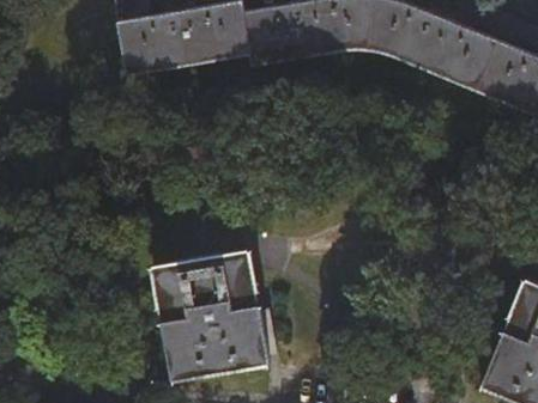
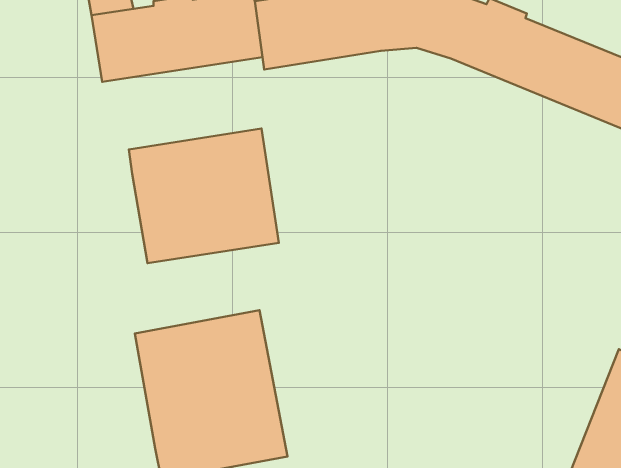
building: none -> [129,129,279,263]

